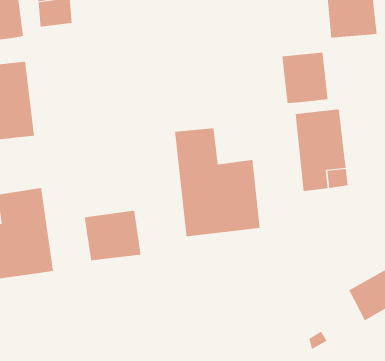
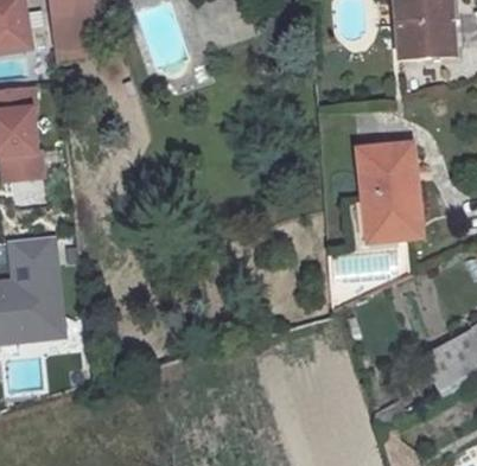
building: [282,52,328,104] -> none
building: [174,127,260,237] -> none
building: [84,210,141,261] -> none

